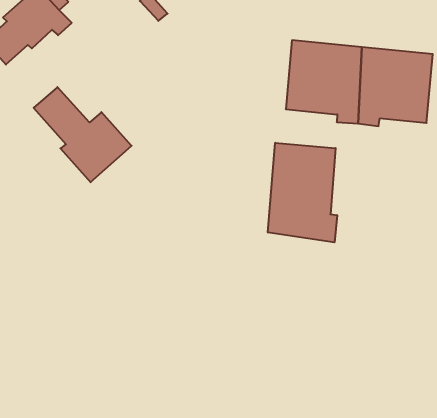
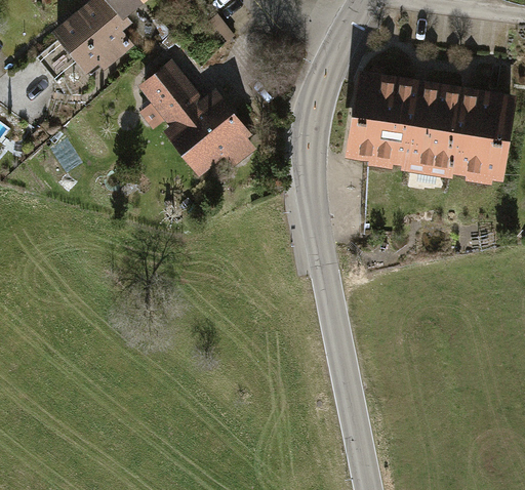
building: [34,87,132,182] -> [145,67,246,170]
building: [268,143,337,242] -> none

